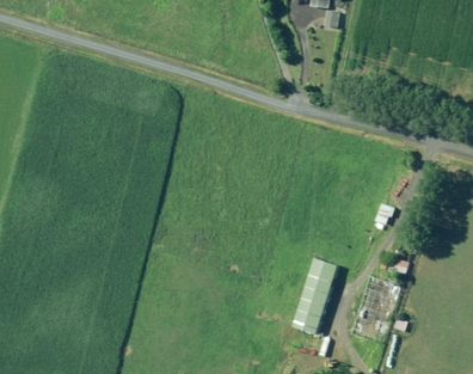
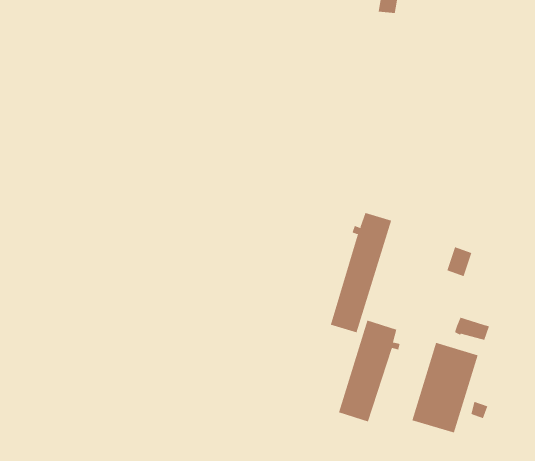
building: none -> [330,212,392,333]

